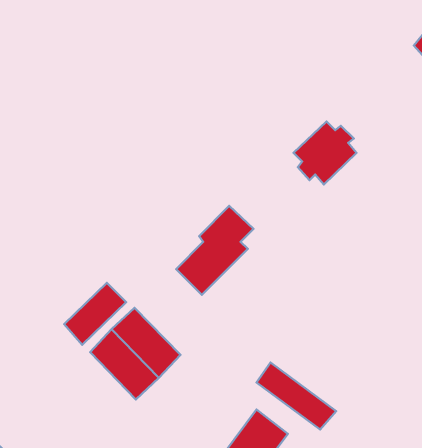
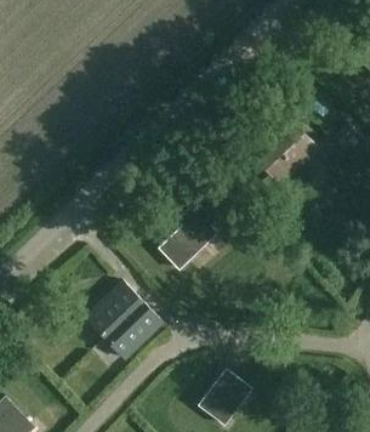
building: [64,283,126,345] -> none
building: [257,362,336,430] -> none

